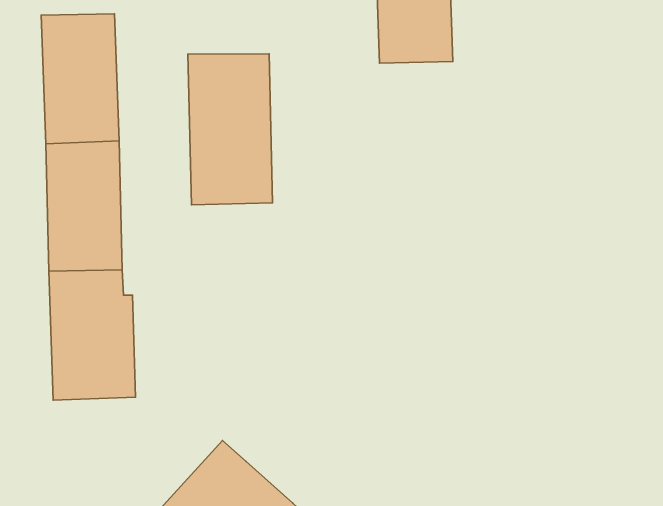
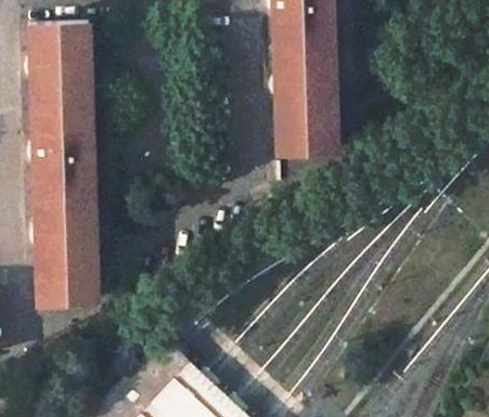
building: [188,54,273,205] -> none
building: none -> [275,60,338,154]

